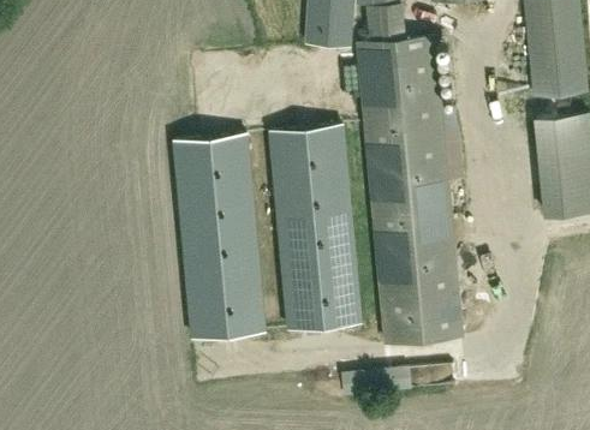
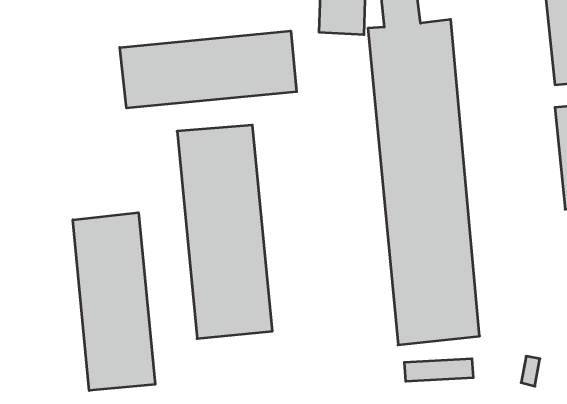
building: none -> [120,31,297,108]
building: [269,126,359,330] -> none
building: none -> [73,213,155,391]

